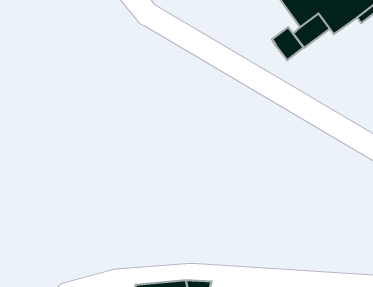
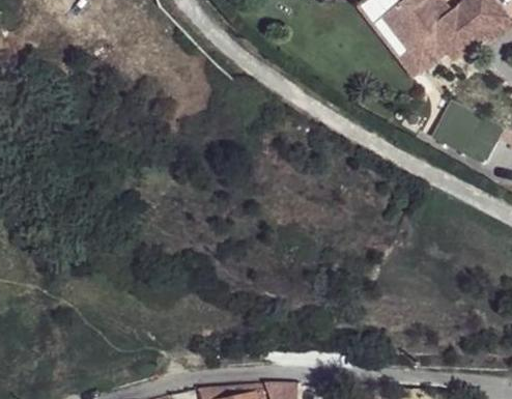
building: [272,27,304,60] -> none

